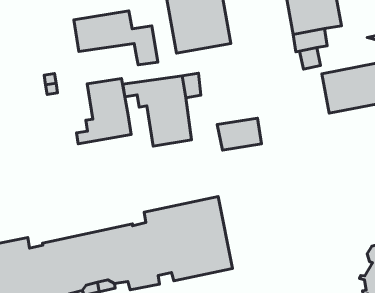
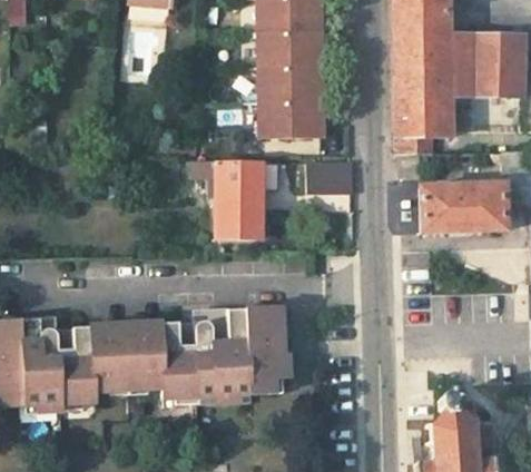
building: [74,11,158,65] -> none
building: [76,78,131,144] -> none
building: [217,118,261,150] -> [307,163,354,193]

